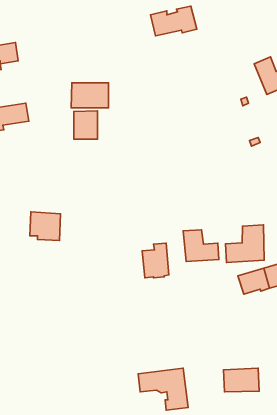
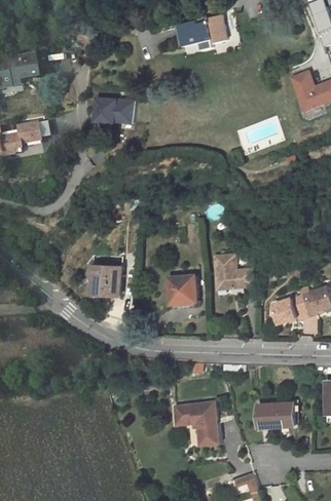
building: [74,111,98,139] -> none
building: [30,212,60,241] -> [88,265,121,296]
building: [225,225,264,262] -> none

